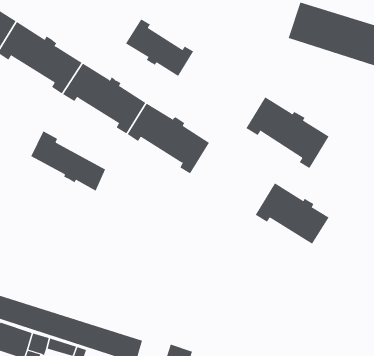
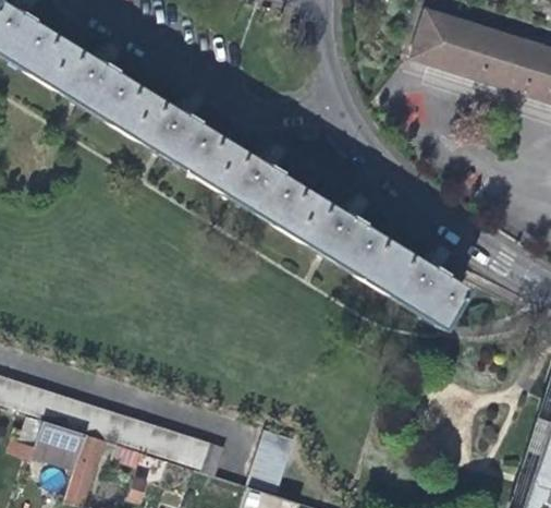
building: [125,18,194,77] -> none
building: [245,97,329,169] -> [287,193,395,286]
building: [31,130,106,192] -> none

